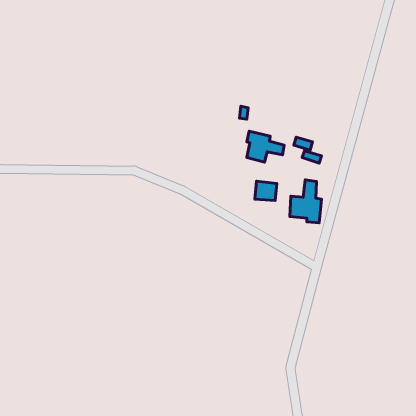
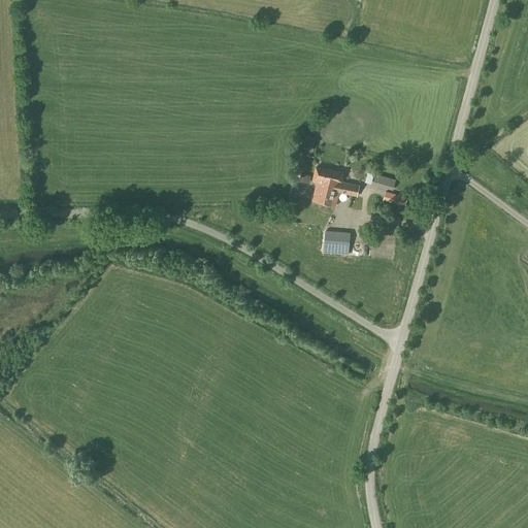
building: [290,180,321,223] -> none

